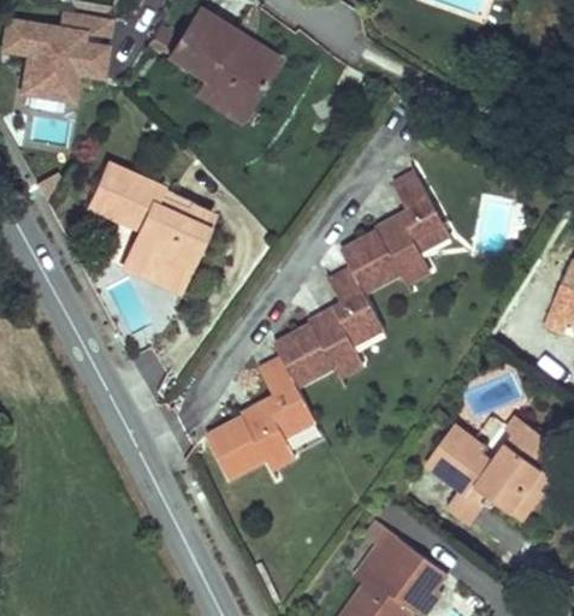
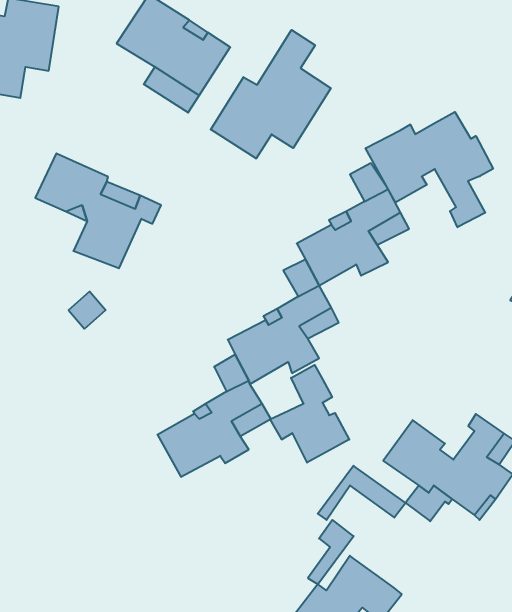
building: none -> [211,30,331,159]
building: none -> [366,112,493,227]
building: [122,226,202,289] -> none
building: none -> [270,365,349,463]
building: [363,535,449,588] -> [318,466,405,520]

